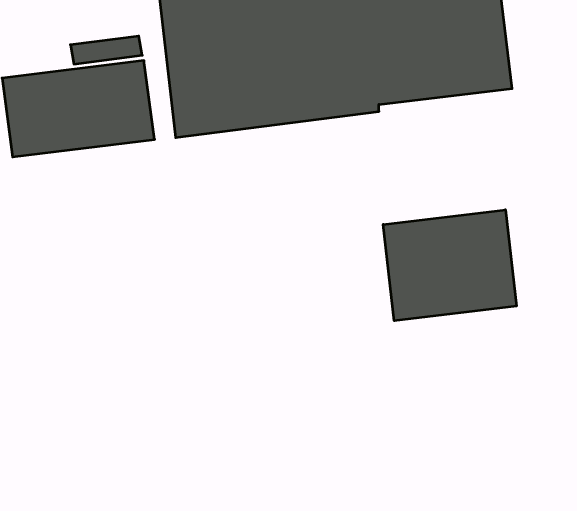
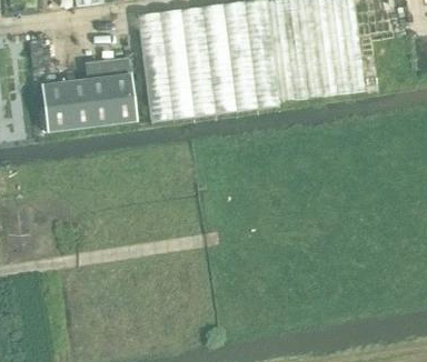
building: [383,210,516,321] -> none

